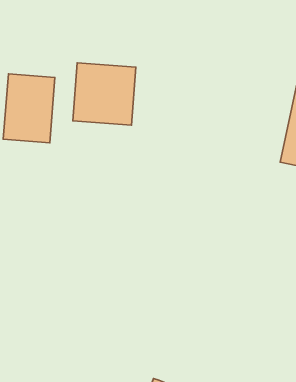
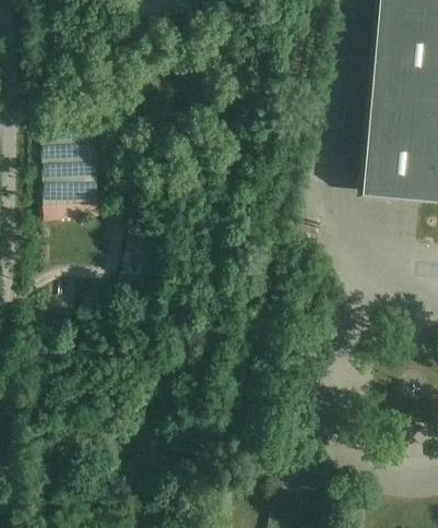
building: [73,63,136,125] -> none

